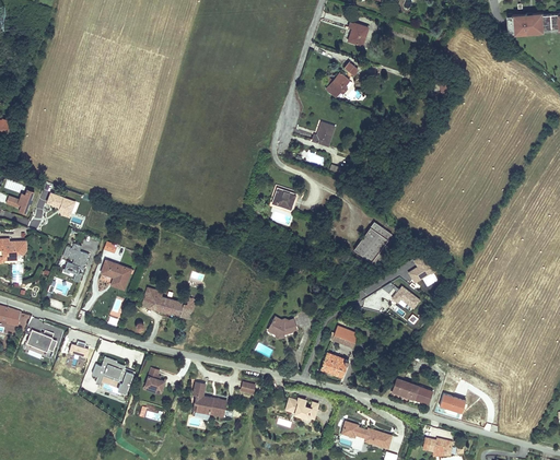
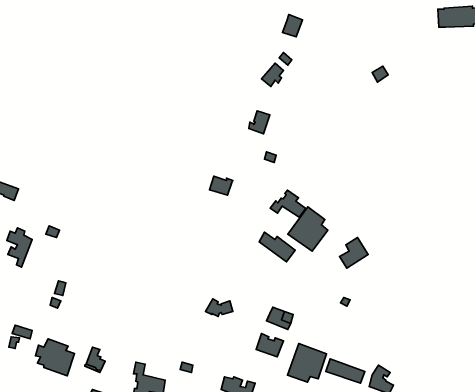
building: none -> [270,190,306,217]
building: [101,259,131,288] -> none
building: [383,281,420,311] -> [259,232,295,262]
building: [142,286,196,318] -> none
building: none -> [288,344,326,382]

